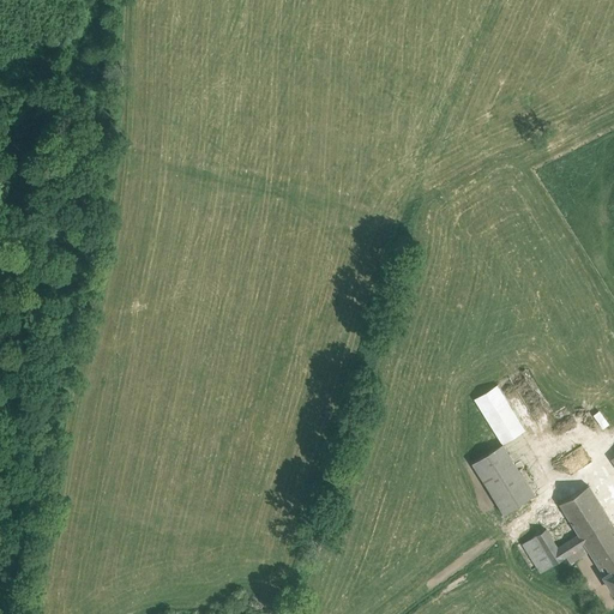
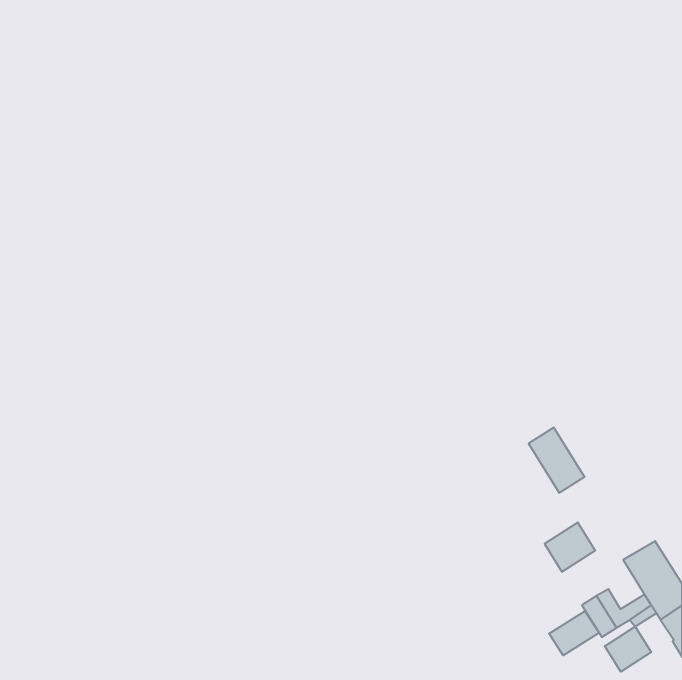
building: [472,445,519,490] -> none
building: none -> [549,611,599,655]
building: none -> [605,627,651,672]

